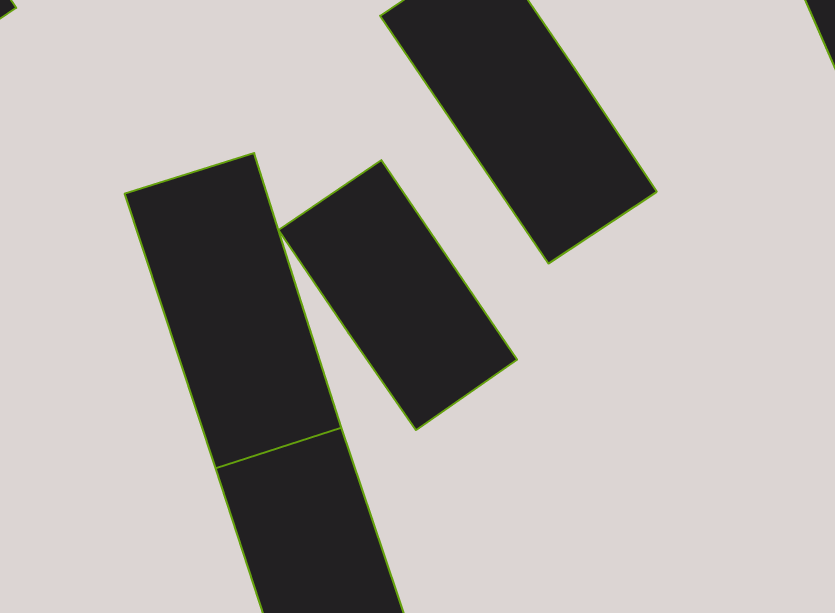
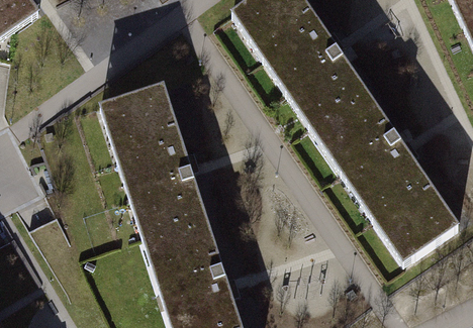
building: [279,160,517,430] -> none
building: none -> [318,104,460,266]

